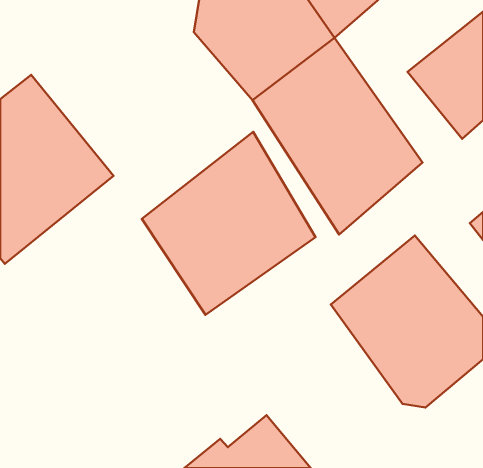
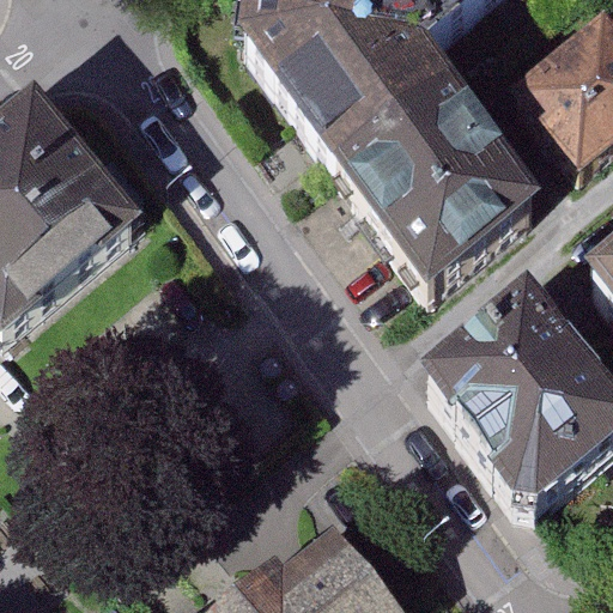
building: [142,132,315,315] -> none

